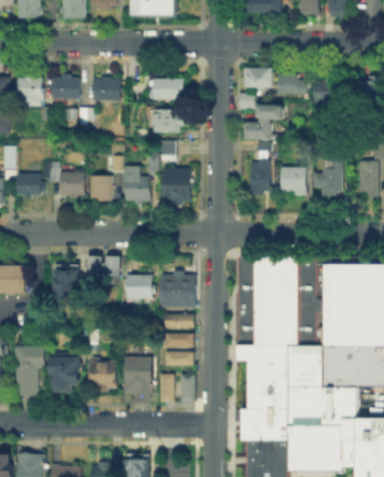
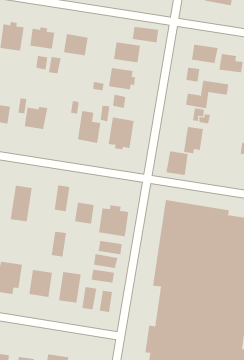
building: none -> [132,26,159,43]
building: [282,169,306,195] -> [165,151,189,175]
building: [88,175,110,201] -> none
building: [88,258,103,287] -> [51,231,67,257]

